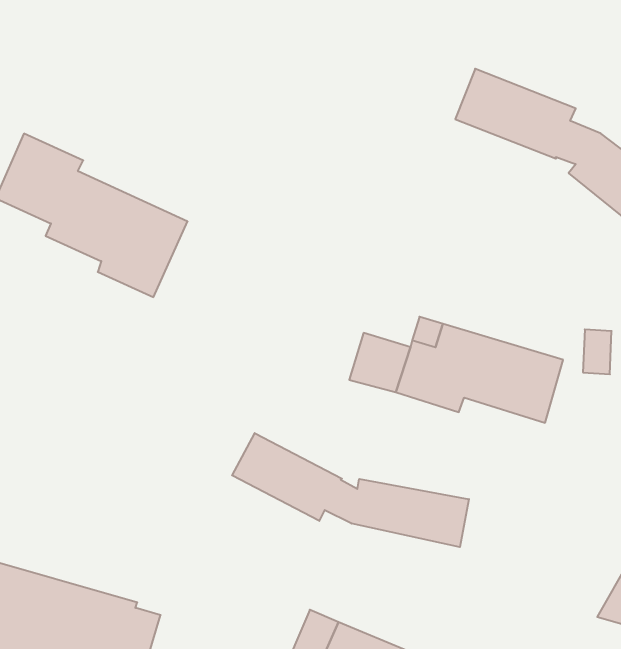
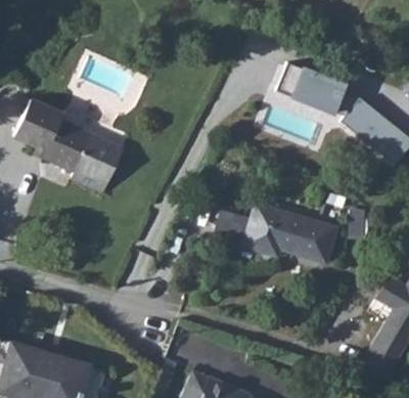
building: [232,433,469,547] -> none

